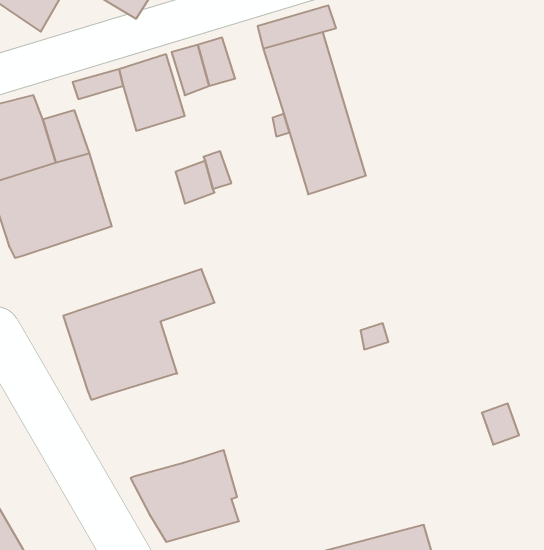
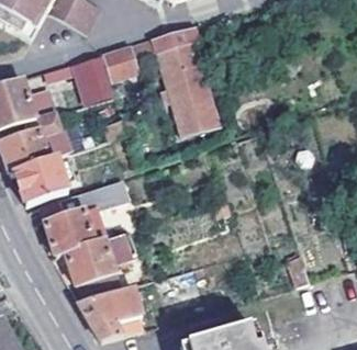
building: none -> [14,153,74,202]
building: none -> [65,239,119,300]

